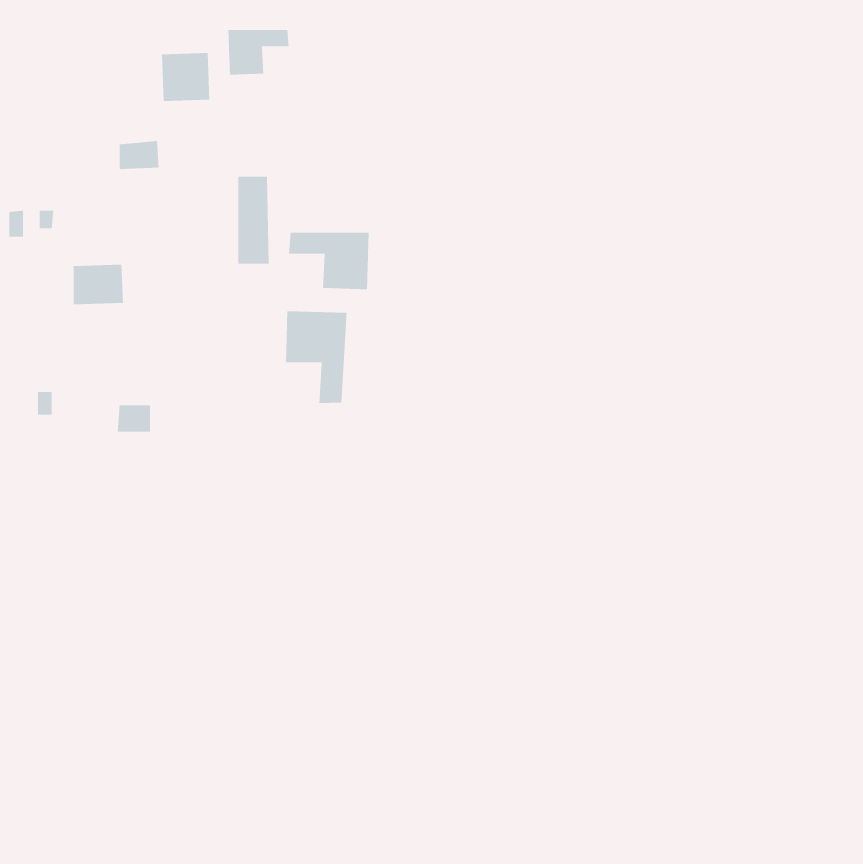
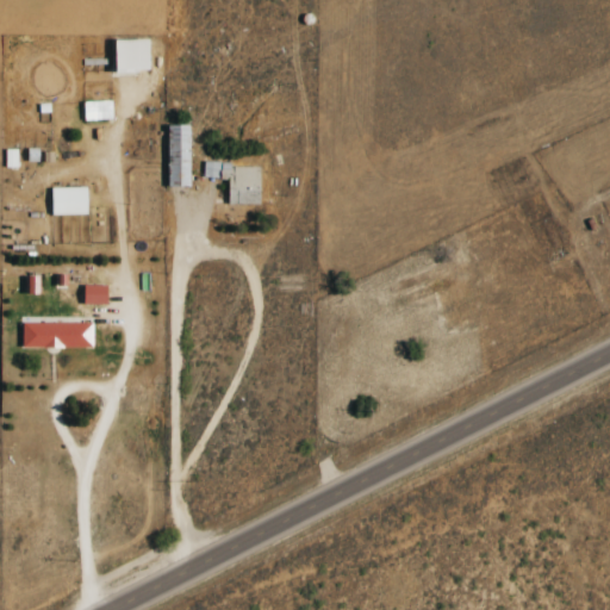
building: [228,29,289,76] -> none
building: [286,311,347,404] -> none
building: none -> [23,322,94,347]

